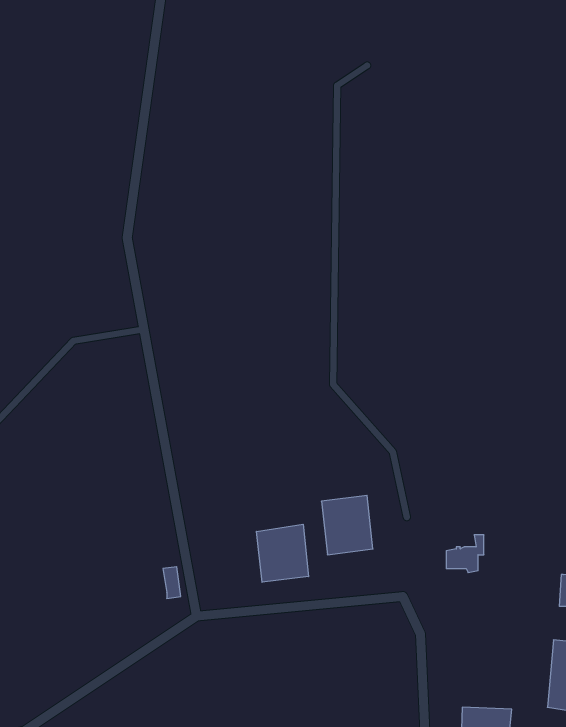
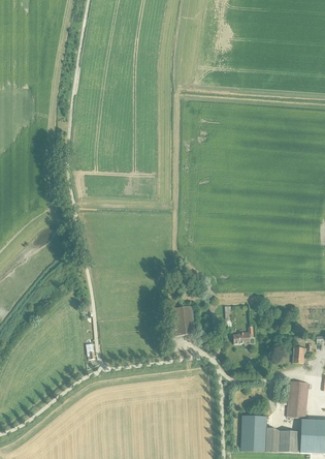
building: [256,524,309,582] -> none

